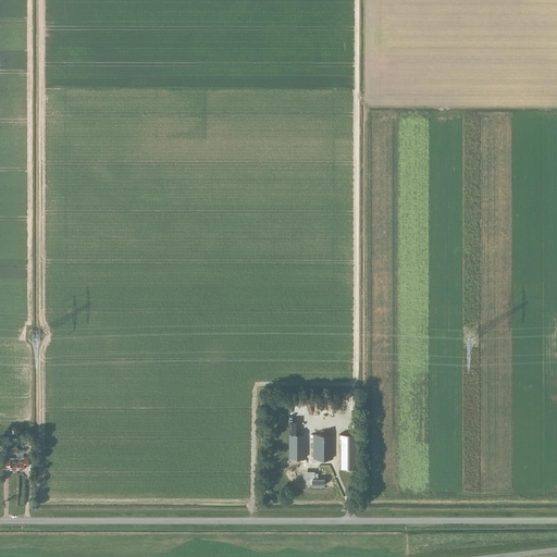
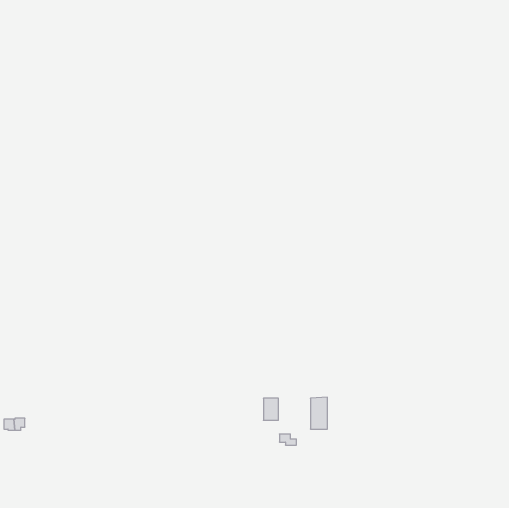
building: [312,436,332,460] -> none

